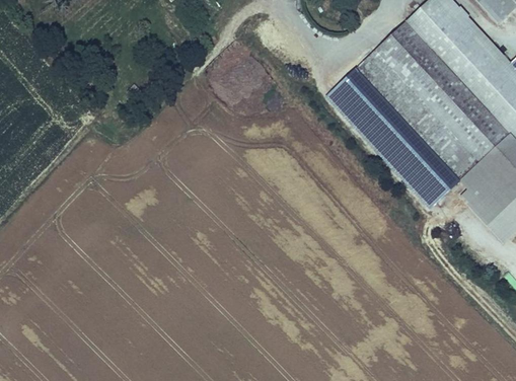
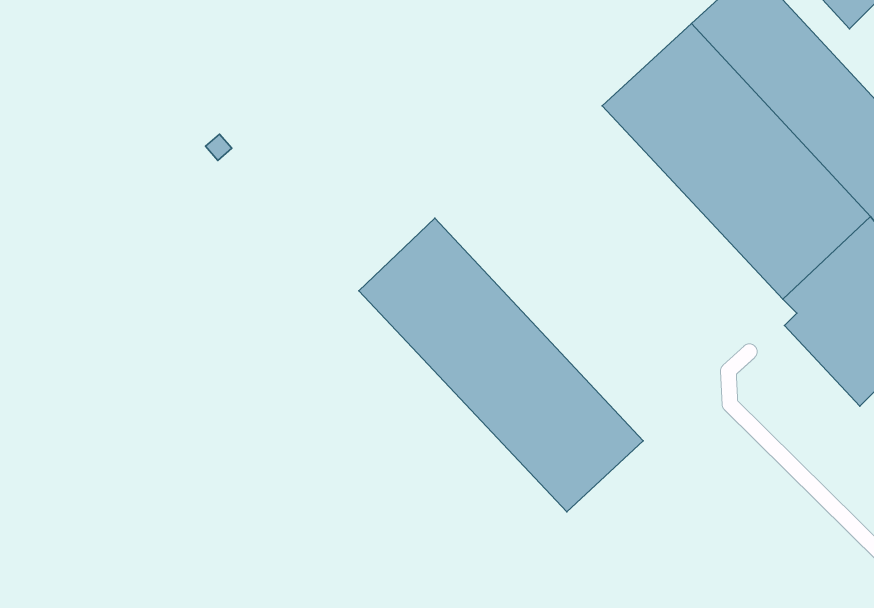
building: [326,68,460,207] -> none
building: none -> [359,218,643,512]

